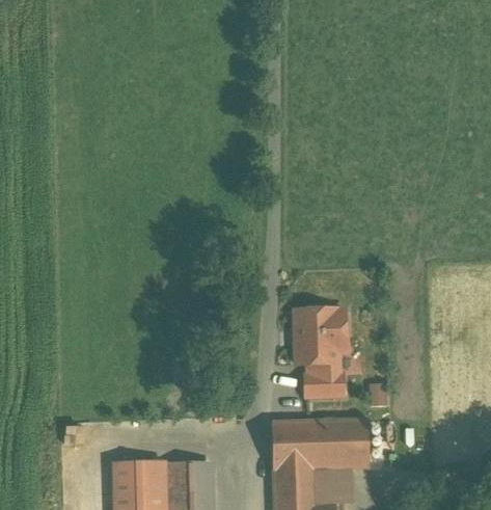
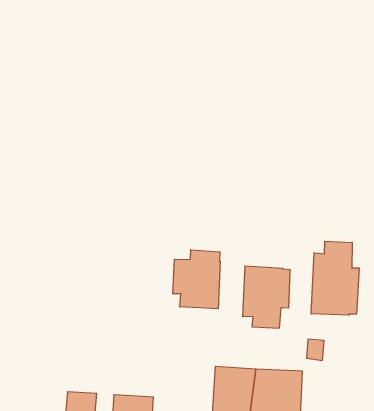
building: none -> [311,241,359,315]
building: none -> [173,250,220,309]
building: [305,375,344,397] -> none

